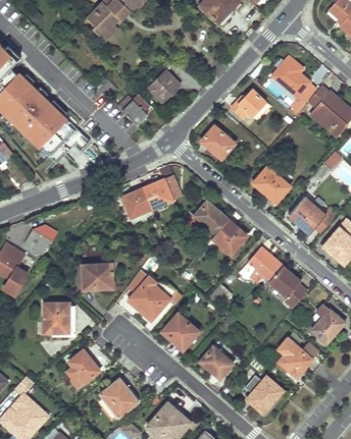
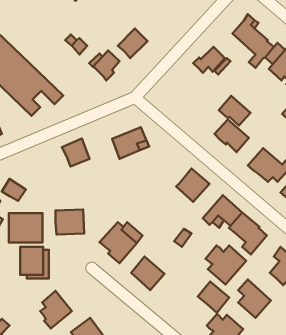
building: [200,126,234,158] -> [219,96,250,125]
building: [121,187,151,217] -> [62,139,90,166]
building: [181,201,228,234] -> none
building: none -> [9,213,43,242]
building: none -> [205,245,246,284]
building: [199,345,233,379] -> [198,281,229,313]

